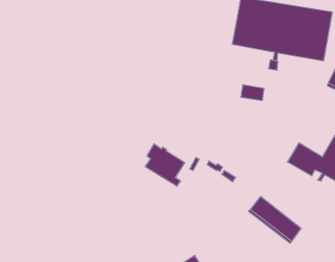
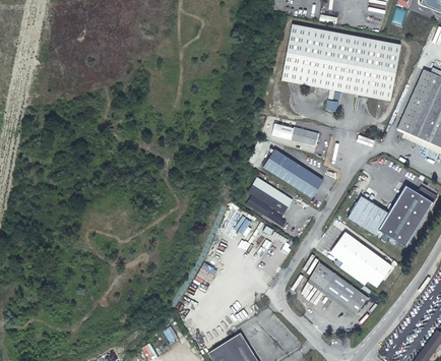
building: none -> [276,156,325,197]
building: [145,144,185,186] -> [246,180,293,230]
building: none -> [327,231,389,286]

